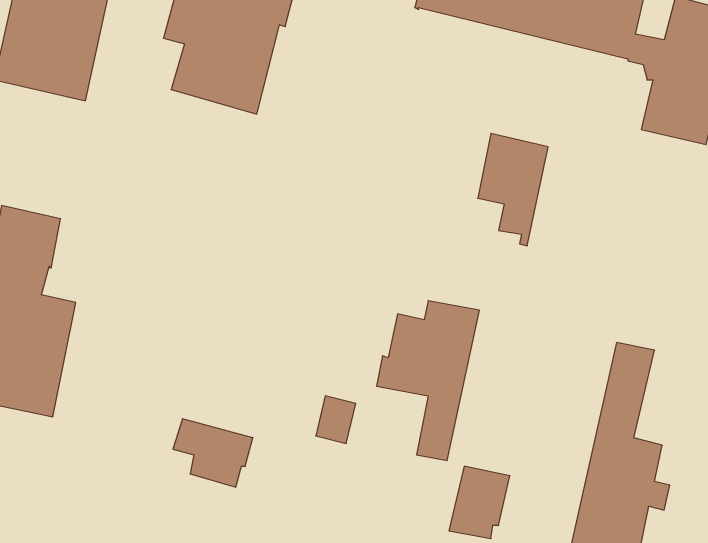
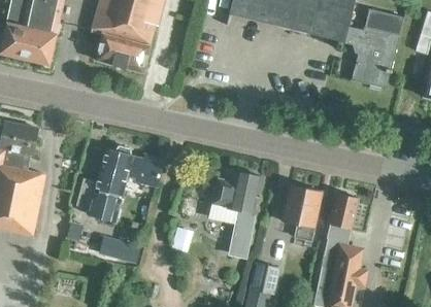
building: [478,133,548,246] -> [283,184,321,245]
building: none -> [75,145,163,221]

